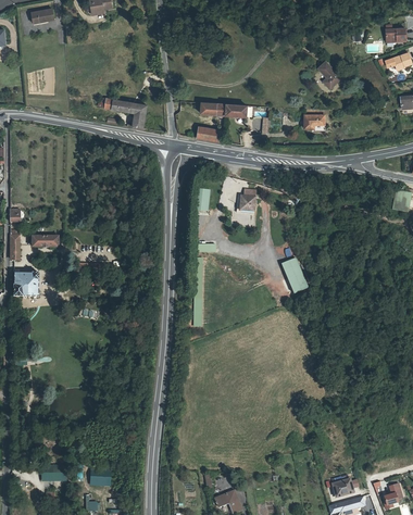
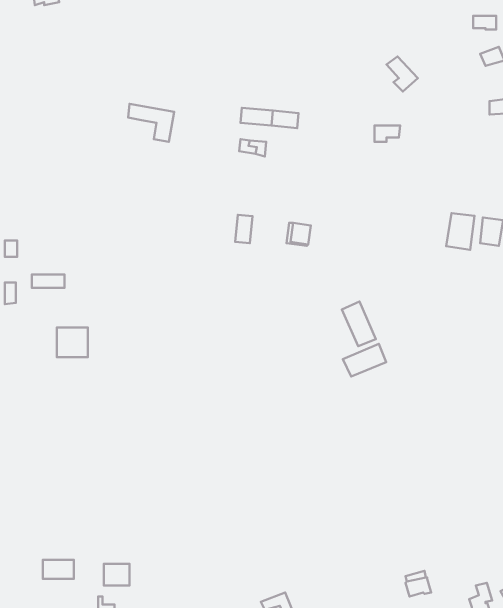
building: none -> [446,213,475,250]
building: [13,272,38,296] -> [57,327,88,357]
building: none -> [343,344,386,377]

